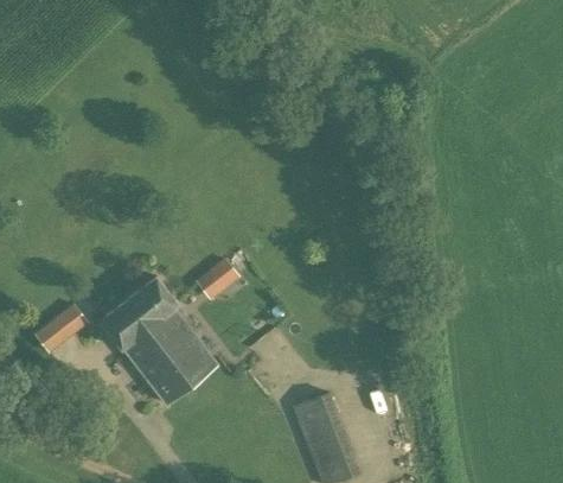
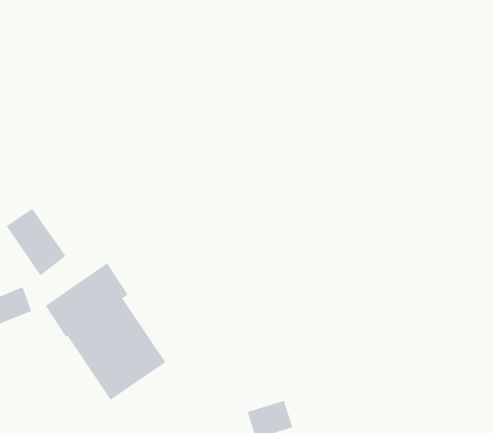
building: none -> [6,208,66,276]
building: [194,256,241,298] -> none

